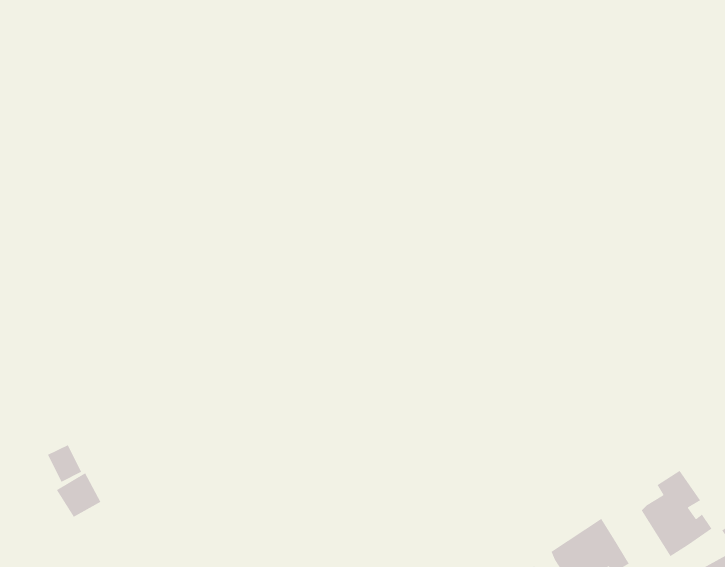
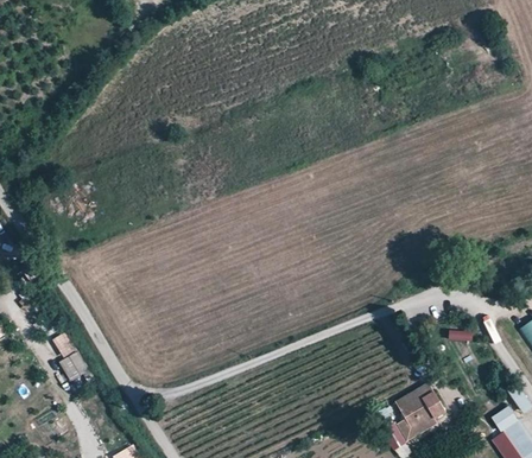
building: [641,470,713,557] -> none

